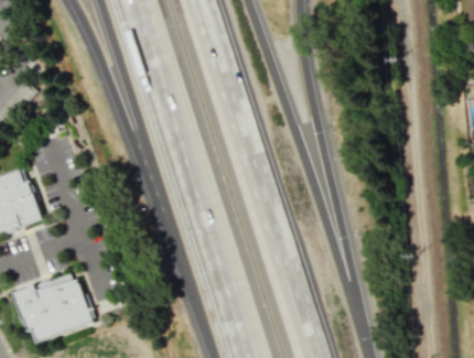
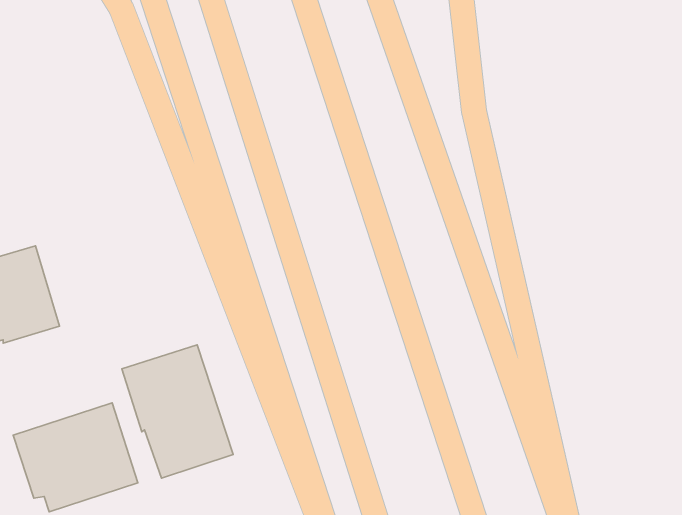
building: none -> [122,345,233,478]

